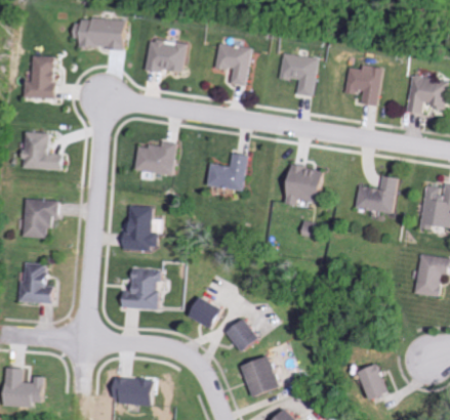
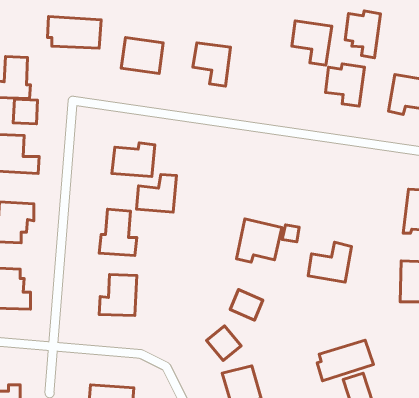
building: none -> [345,11,380,58]
building: [277,52,316,95] -> [292,21,332,65]
building: none -> [13,99,38,124]
building: [208,153,247,190] -> [136,174,176,212]
building: [282,163,326,205] -> [237,219,282,262]
building: [355,174,397,213] -> [308,242,351,282]
building: [191,298,222,328] -> [230,290,263,320]
building: none -> [317,340,373,381]

